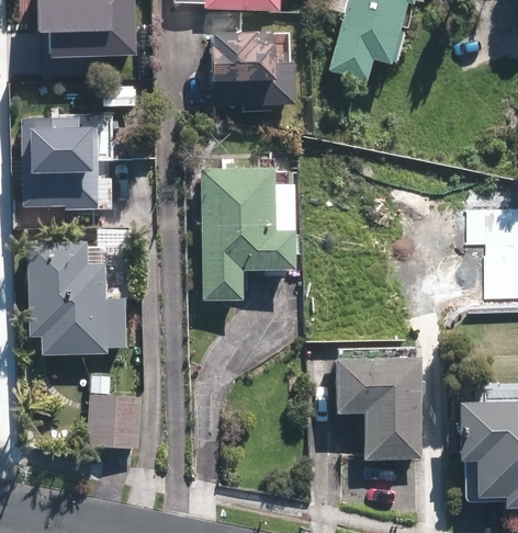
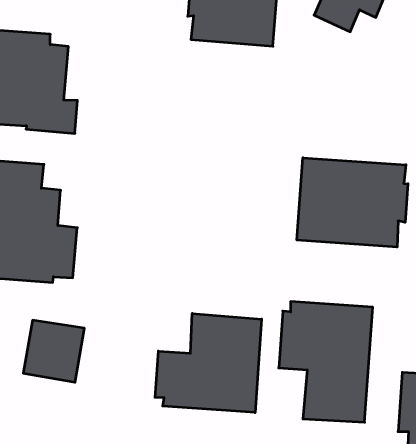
building: [203,168,294,302] -> none
building: none -> [297,158,408,247]
building: none -> [155,313,262,413]

